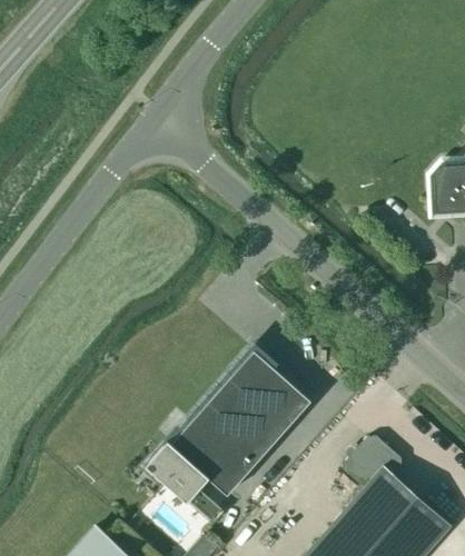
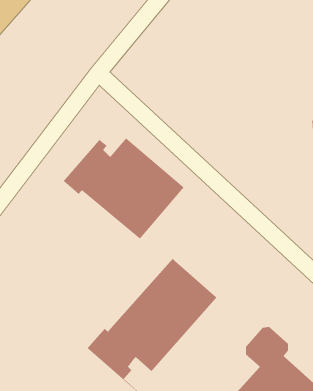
building: none -> [63,119,185,240]

